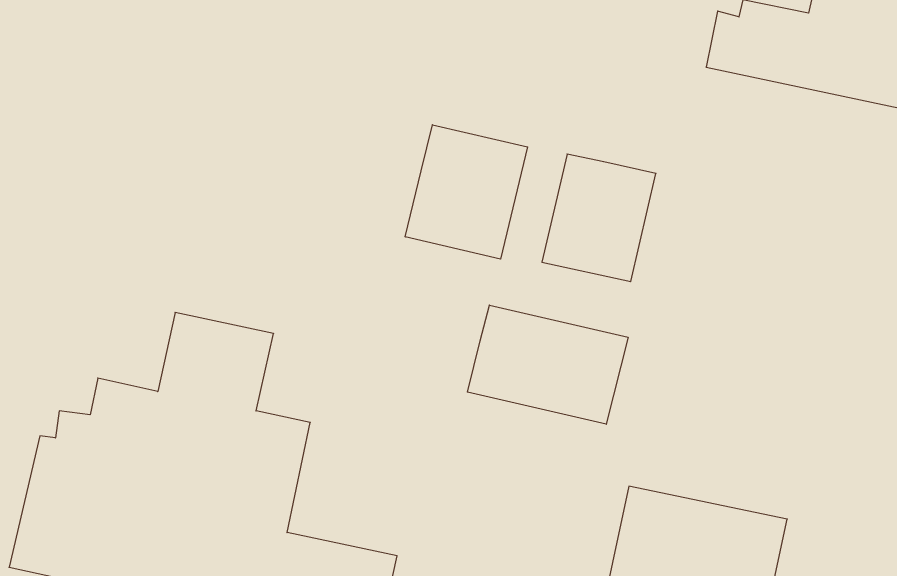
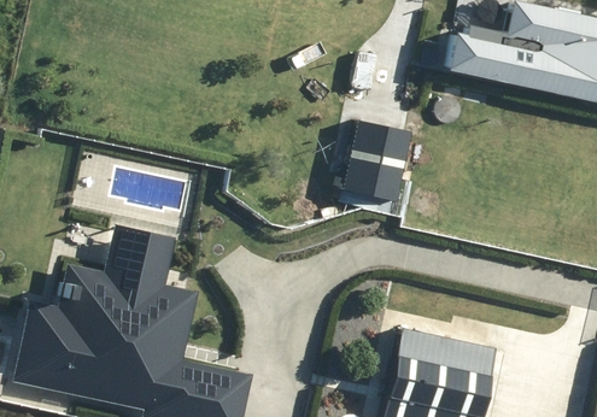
building: [405,125,528,259] -> none
building: [467,305,628,424] -> none

